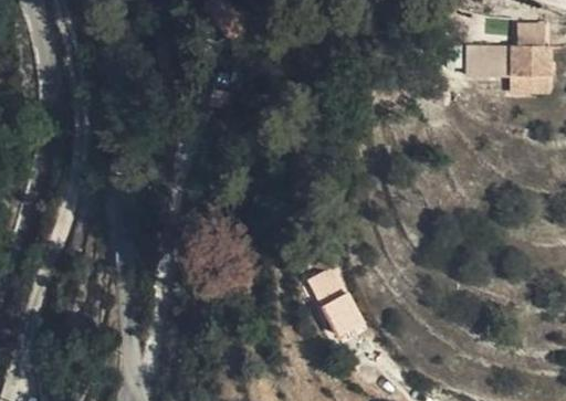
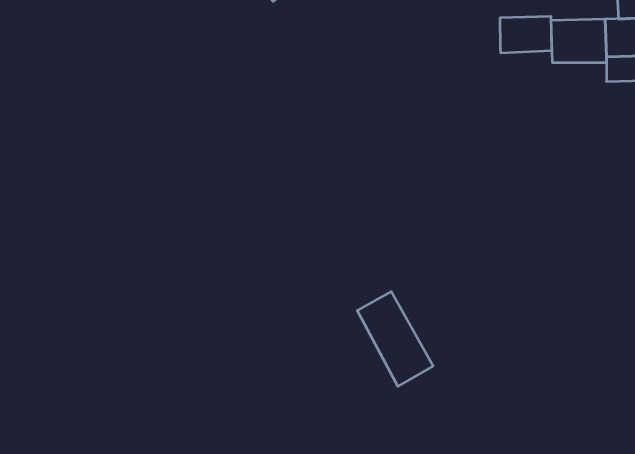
building: none -> [500,16,551,53]

